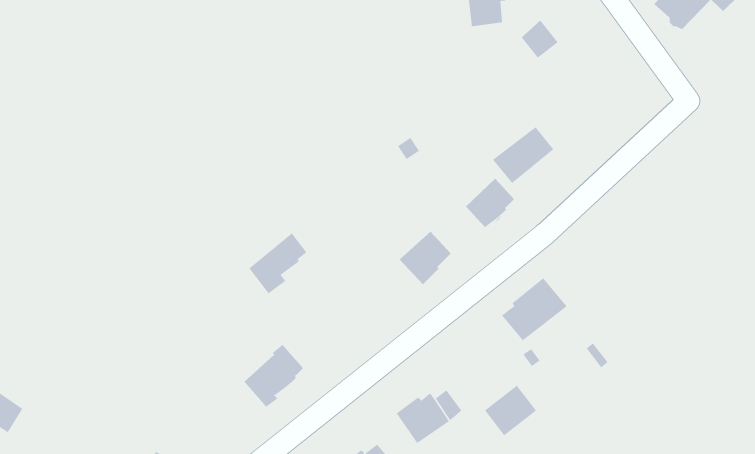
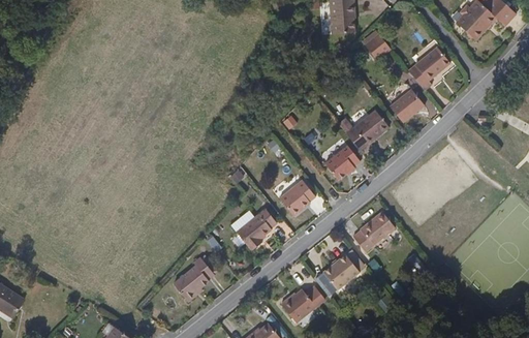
building: none -> [410,48,453,92]
building: none -> [390,86,426,120]
building: [248,232,307,294] -> [236,206,276,248]
building: [484,385,537,436] -> [323,252,360,287]

